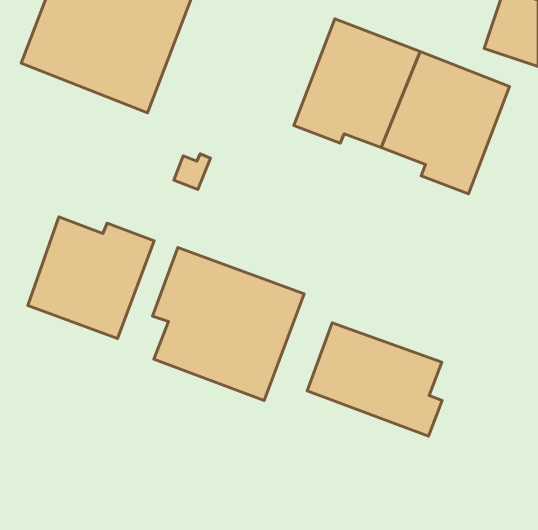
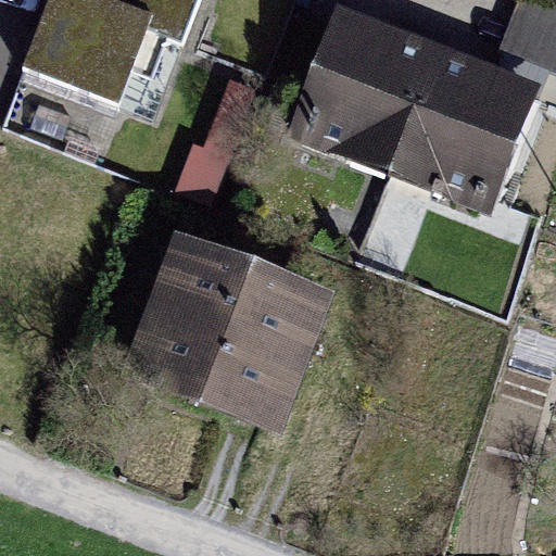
building: [28,217,154,339] -> none
building: [307,323,442,436] -> none

